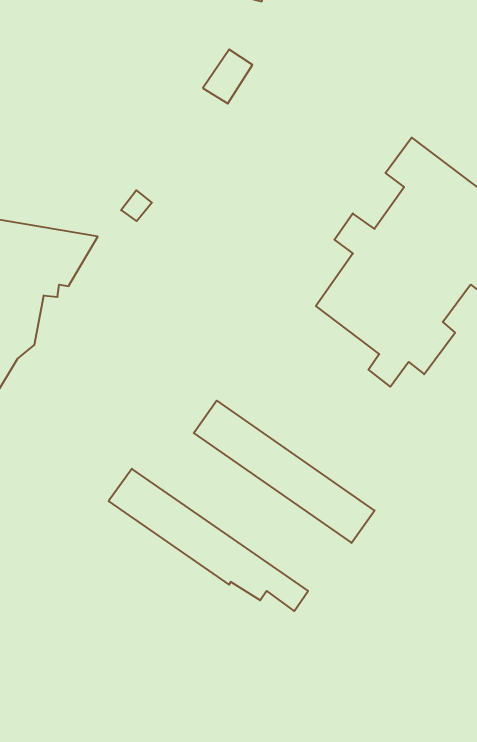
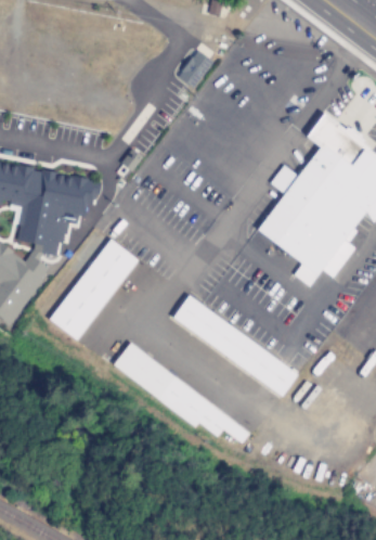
building: none -> [49,237,137,340]

